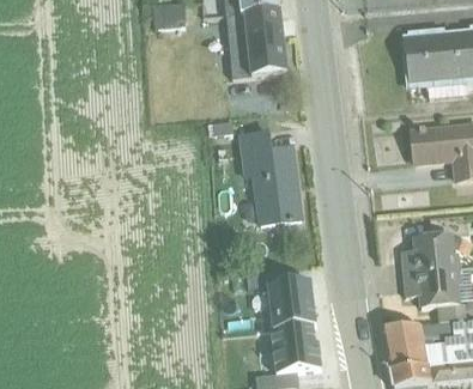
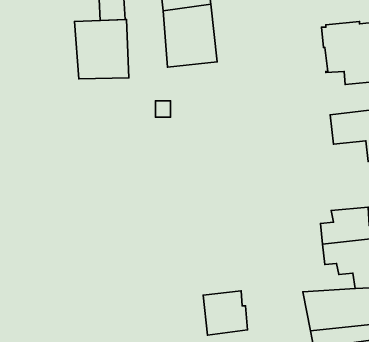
building: none -> [74,19,129,79]
building: [238,130,301,224] -> none
building: [267,280,316,329] -> none

